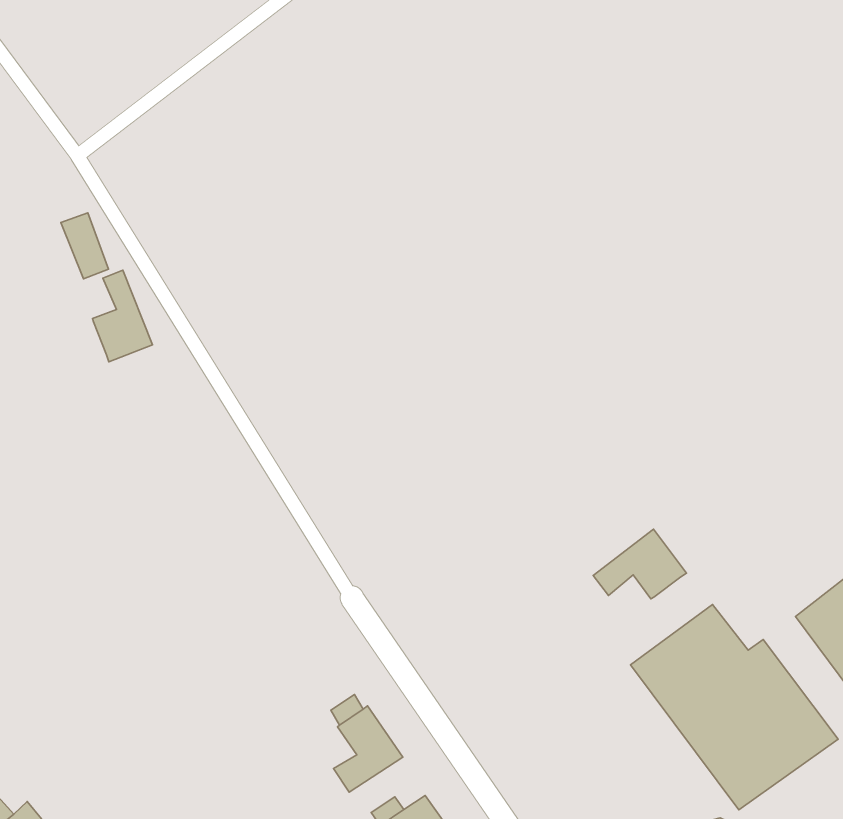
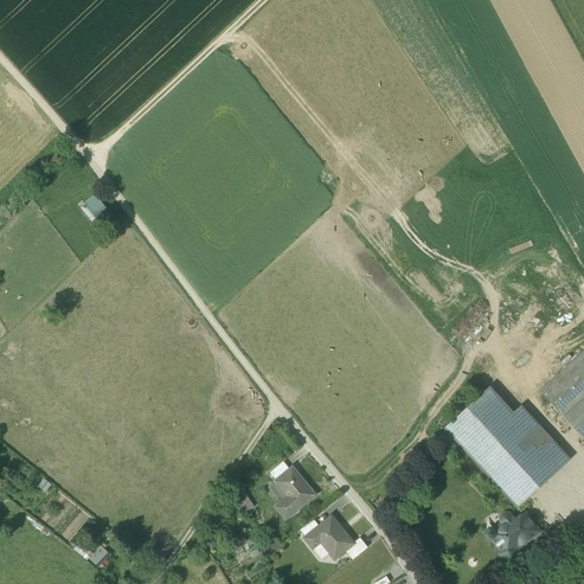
building: [92,270,153,362] -> none
building: [593,529,686,599] -> none

